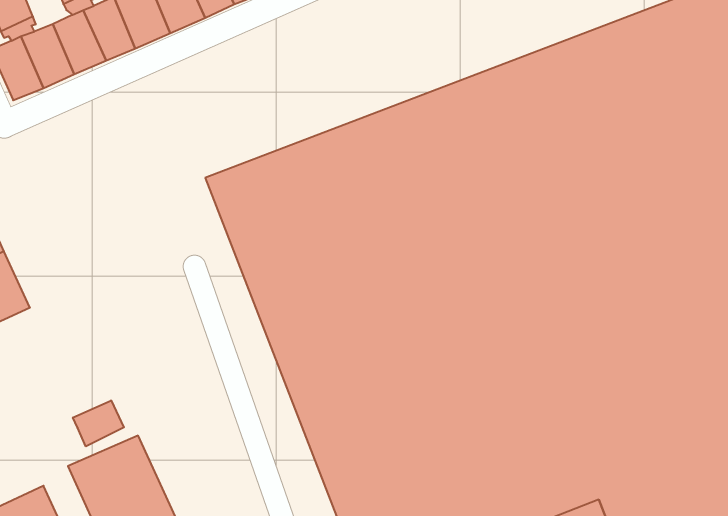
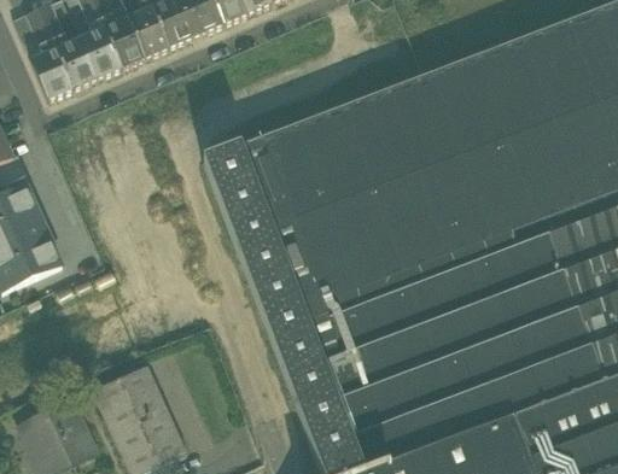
building: [73,400,124,446] -> none

